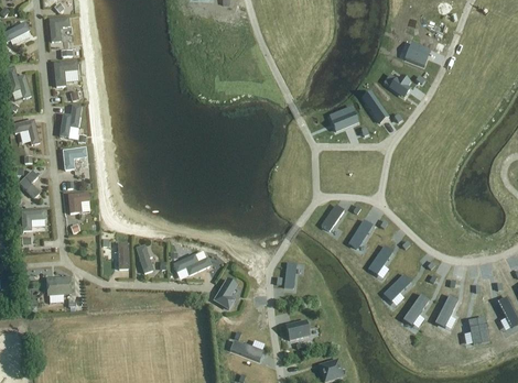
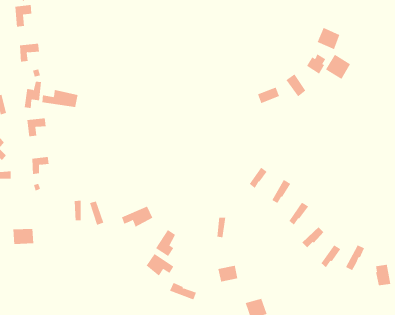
building: none -> [325,54,351,80]
building: none -> [42,89,78,108]
building: none -> [146,253,174,277]

